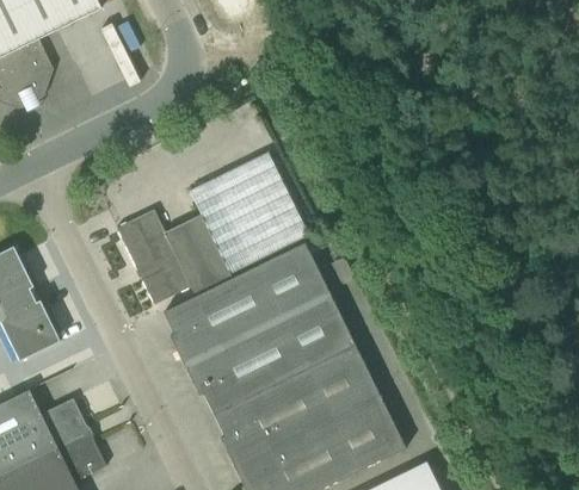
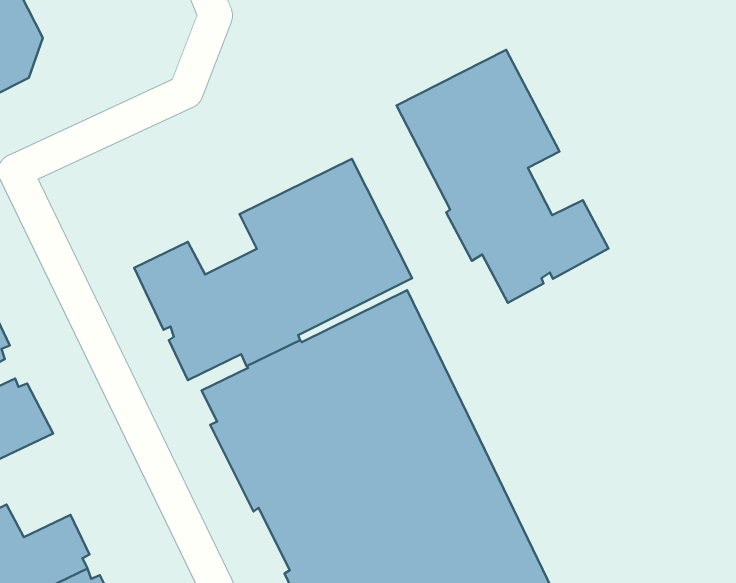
building: none -> [397,50,609,303]

